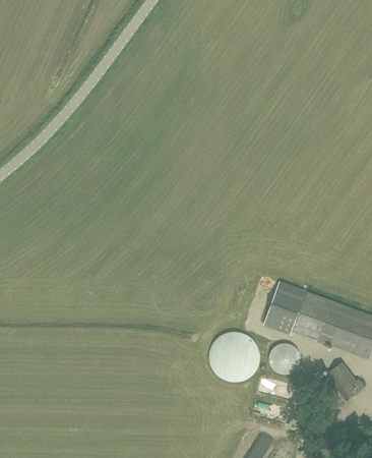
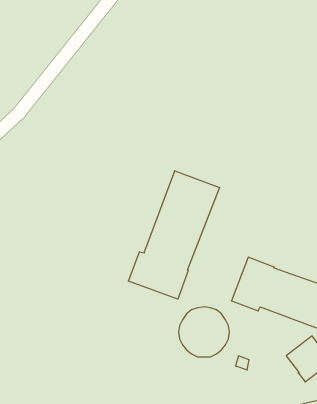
building: none -> [128,171,220,299]
building: [269,343,301,375] -> none

